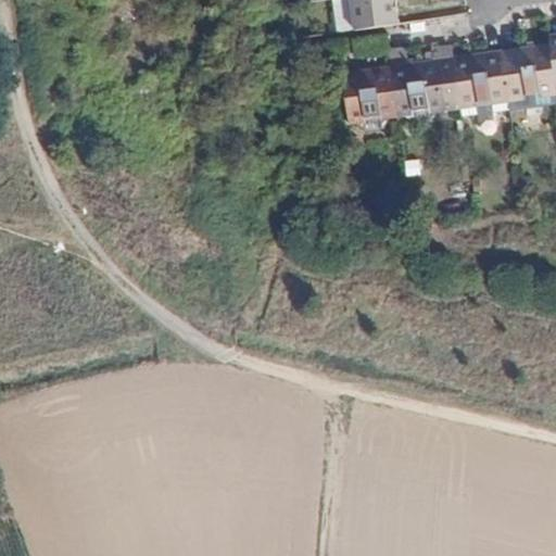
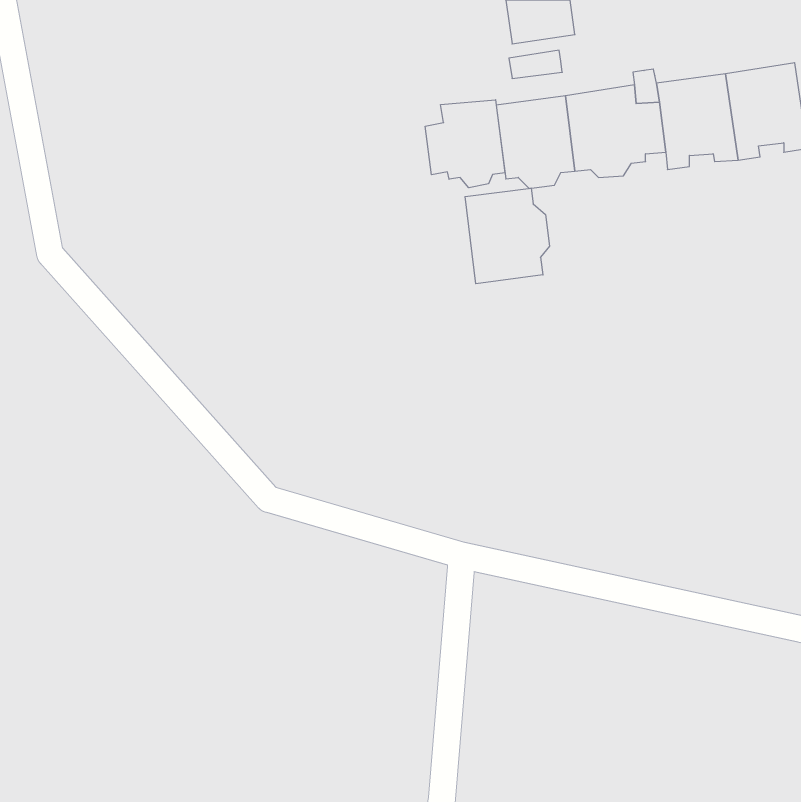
building: none -> [425,100,505,188]
building: none -> [465,188,550,284]

